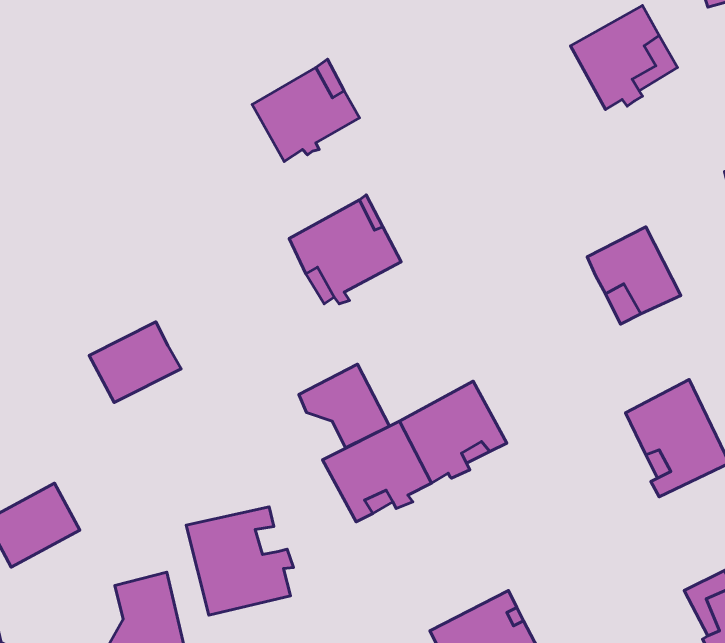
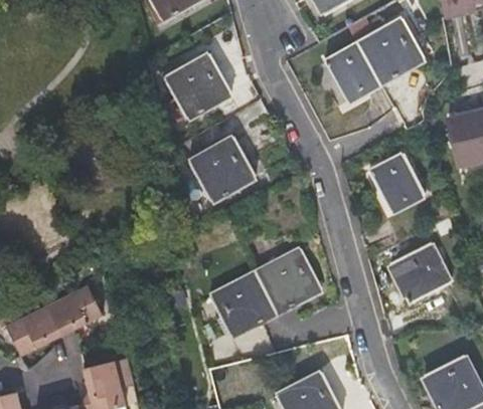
building: none -> [326,44,378,99]
building: [89,322,181,402] -> [47,286,103,335]
building: [299,364,389,448] -> none
building: [186,507,294,615] -> none

